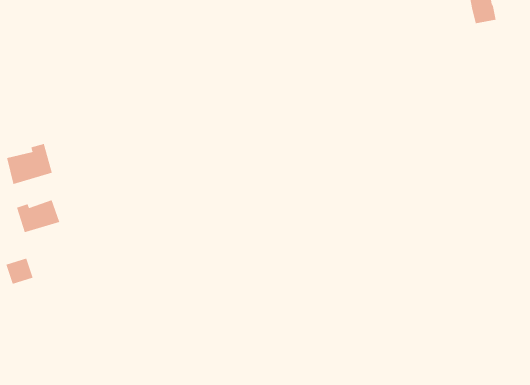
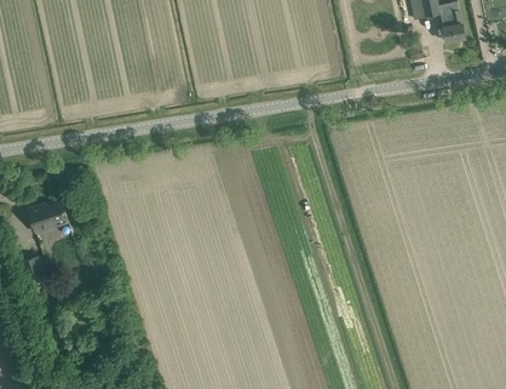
building: [6,143,52,185] -> none

